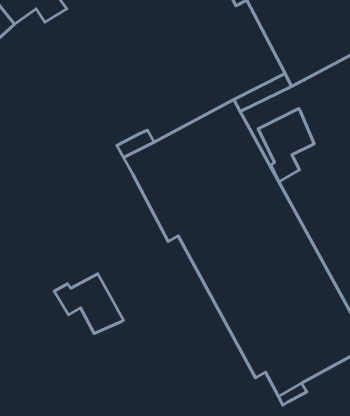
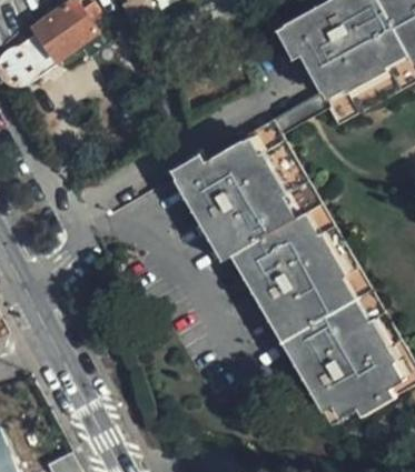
building: [258,109,314,182] -> none
building: [54,274,123,333] -> none

